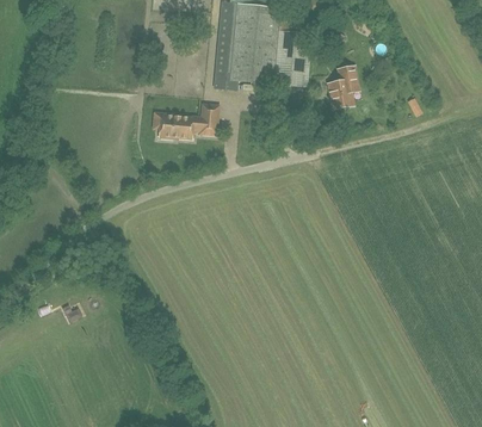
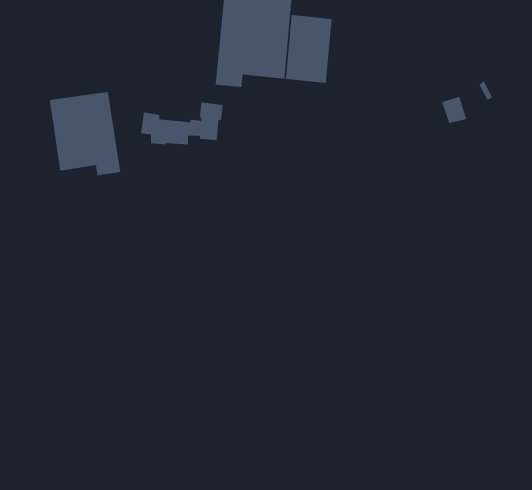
building: [327,66,357,109] -> none
building: none -> [49,91,121,176]

